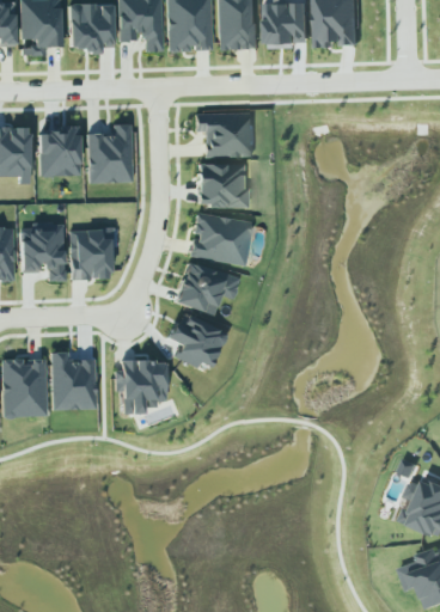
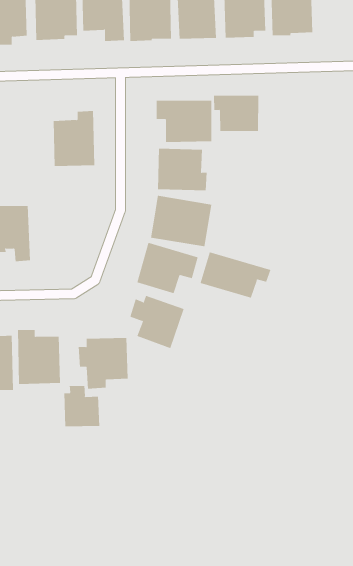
building: none -> [213,95,259,132]
building: [37,124,78,176] -> none
building: [68,228,110,279] -> none
building: none -> [200,252,271,299]
building: none -> [64,385,100,427]

